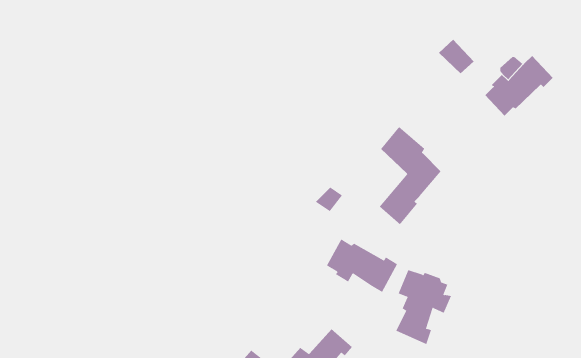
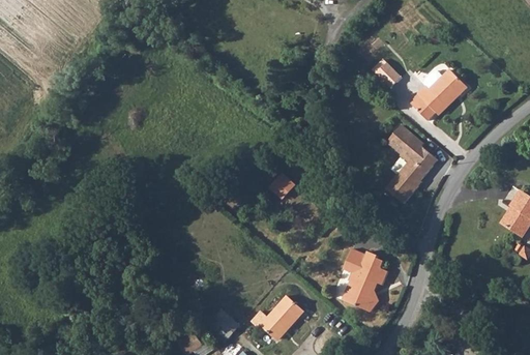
building: [379,126,442,225] -> [388,124,440,206]
building: [326,238,398,293] -> none

